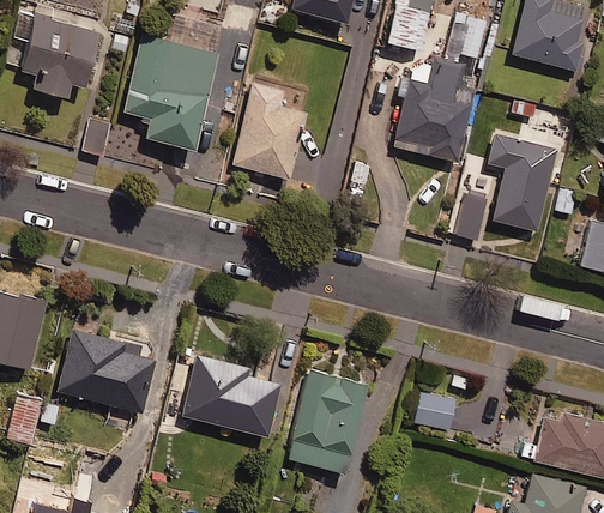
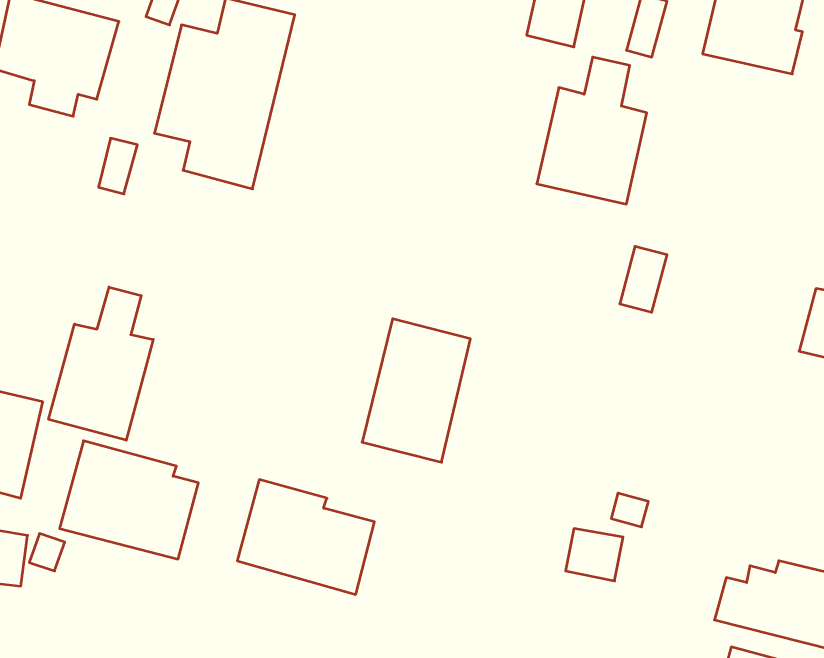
building: [230,76,307,180] -> none
building: [488,135,556,231] -> none
building: none -> [49,287,153,440]
building: [289,372,366,473] -> [362,319,470,462]

